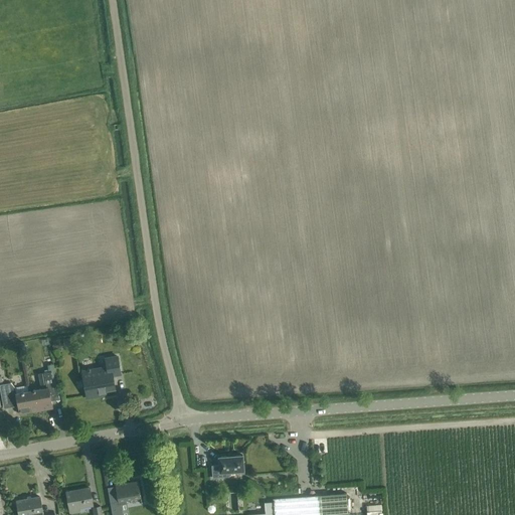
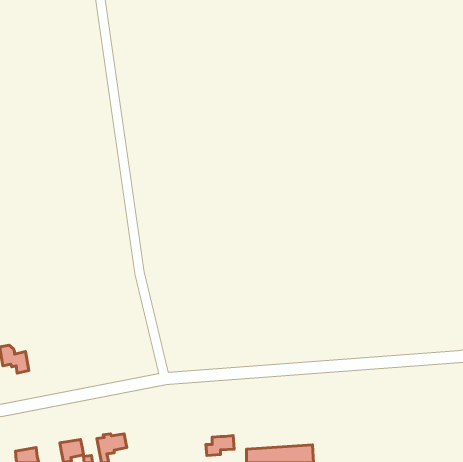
building: [82,357,121,398] -> none
building: [28,365,55,412] -> none
building: [212,457,243,479] -> [206,435,234,455]

